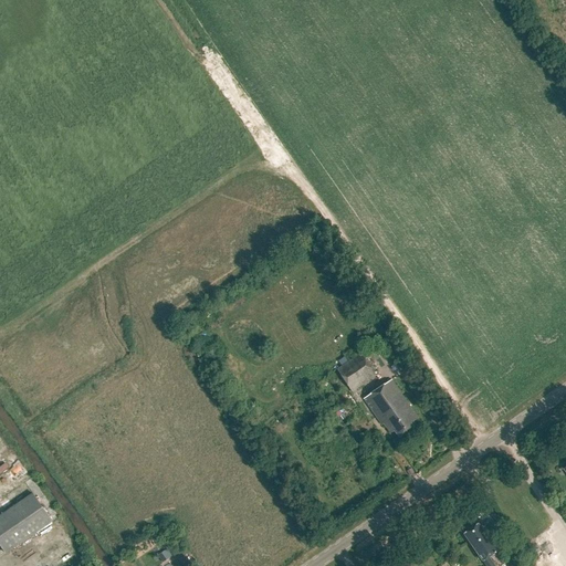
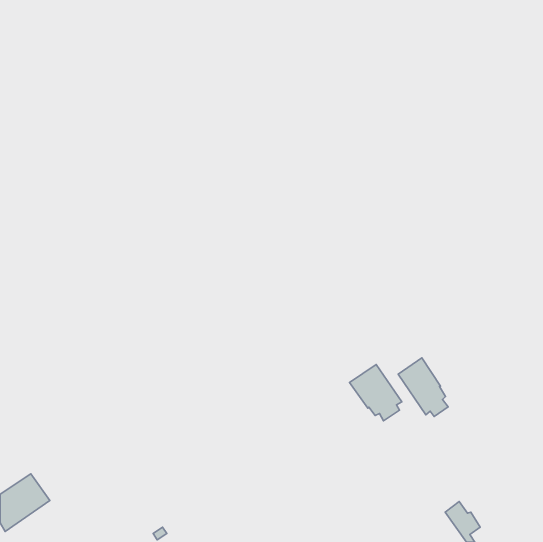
building: [337,353,376,391] -> none
building: none -> [398,358,448,417]

